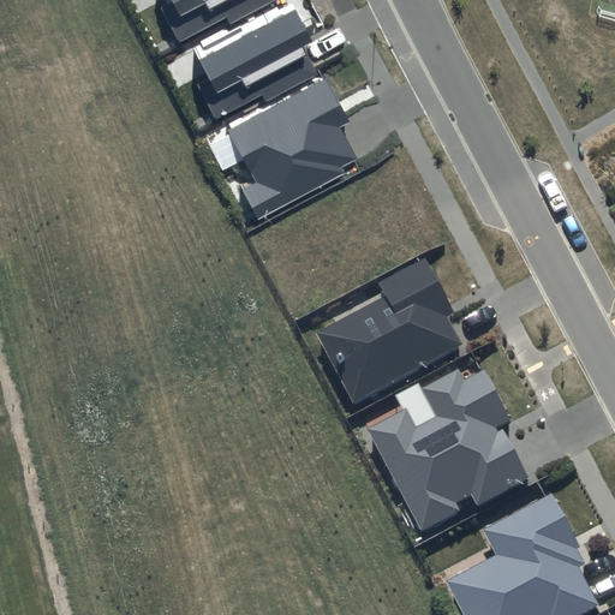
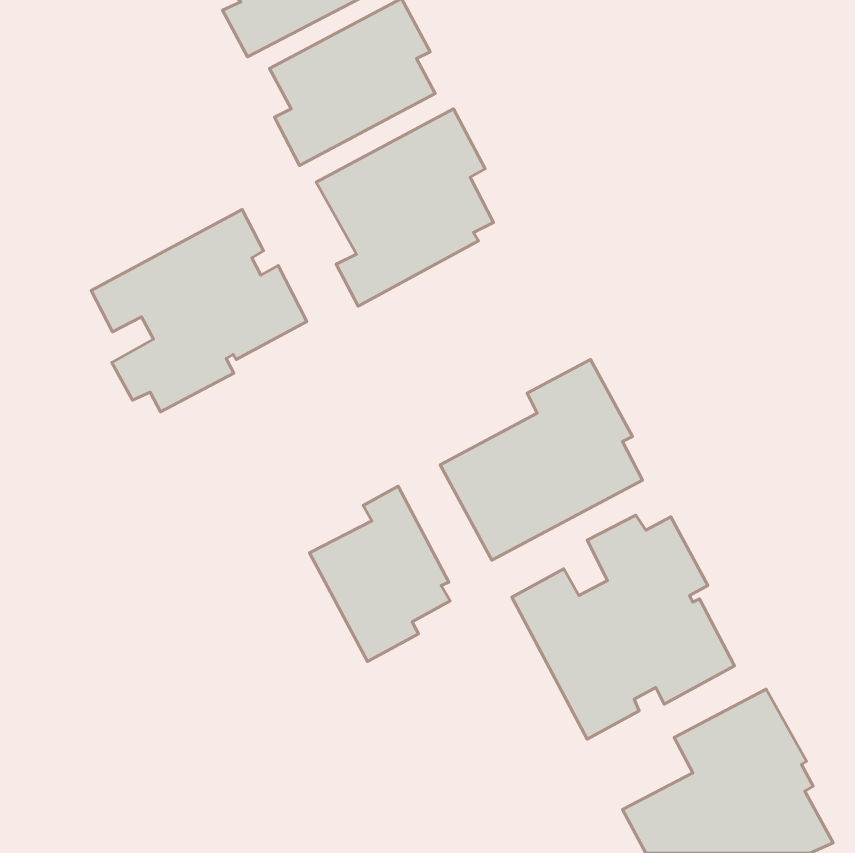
building: none -> [91,209,307,412]
building: none -> [310,486,450,662]

